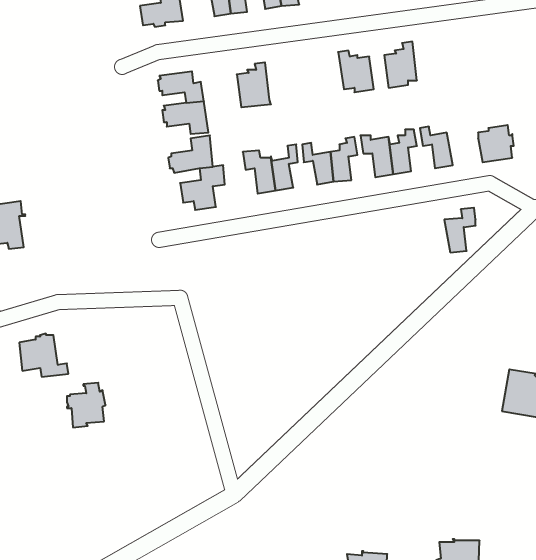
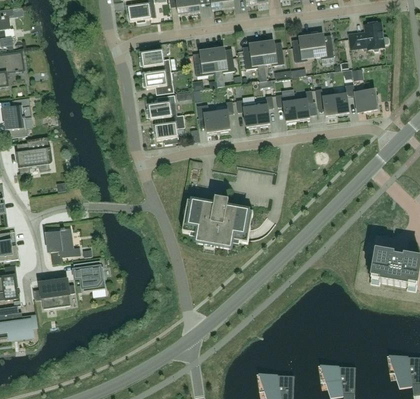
building: none -> [348,21,388,51]
building: none -> [310,30,333,58]
building: none -> [242,38,264,68]
building: none -> [211,44,234,72]
building: [444,208,476,252] -> [333,84,354,114]
building: none -> [182,197,252,248]
building: none -> [39,278,74,308]

